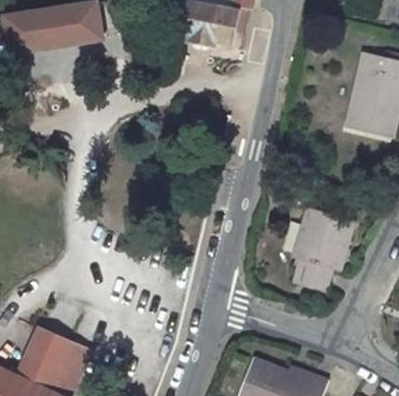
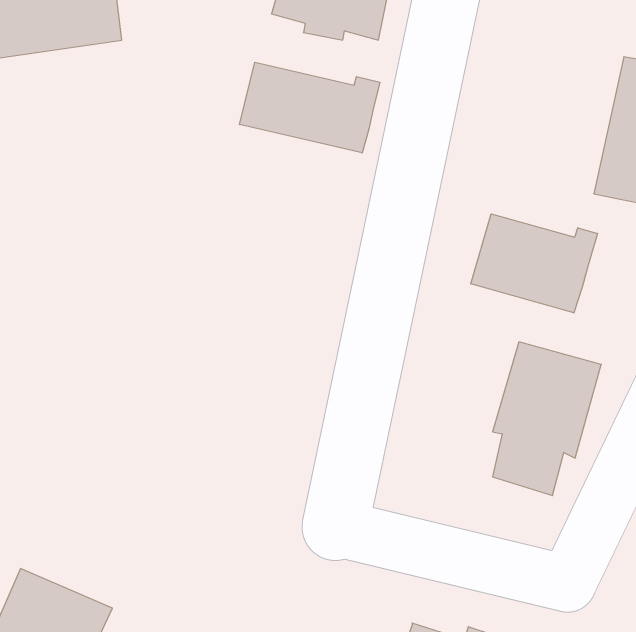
building: none -> [239,62,380,153]
building: none -> [471,214,598,313]

